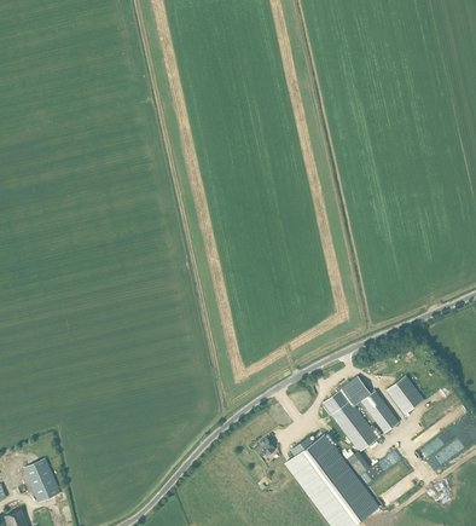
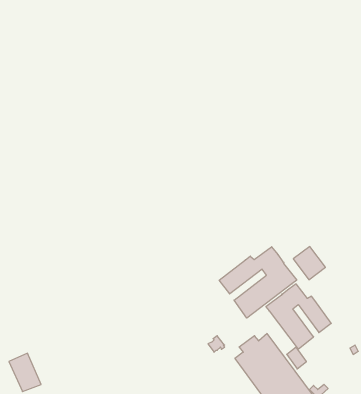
building: none -> [219,247,297,318]
building: [387,375,424,414] -> [293,247,325,280]

